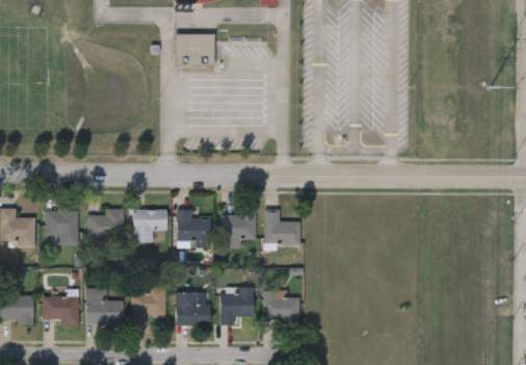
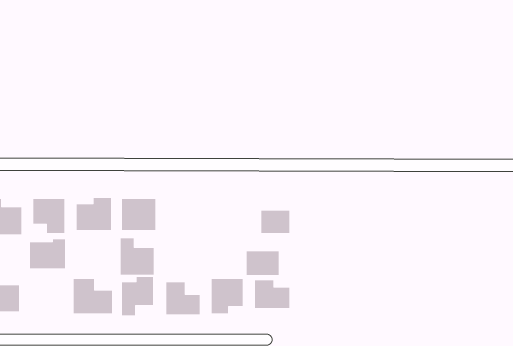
building: [176,33,214,64] -> none
building: [176,209,210,246] -> [120,238,155,276]
building: [221,214,255,239] -> [246,251,279,276]
building: [42,292,78,322] -> [29,238,66,269]

